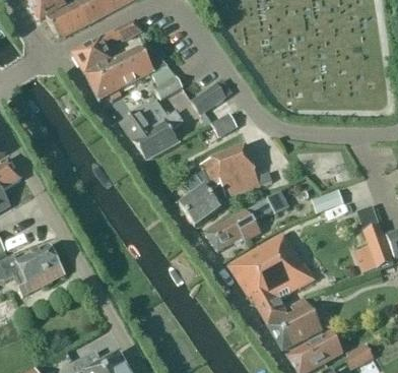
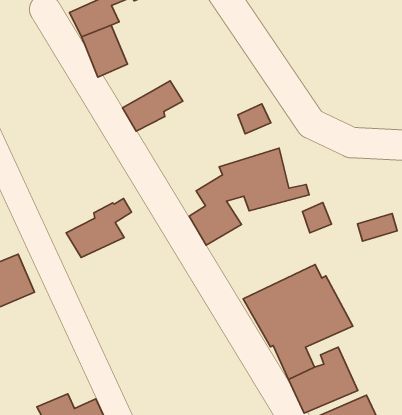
building: [107,43,182,98] -> none
building: [191,76,231,113] -> none
building: [133,110,183,159] -> [66,199,132,258]
building: [205,199,268,250] -> none

